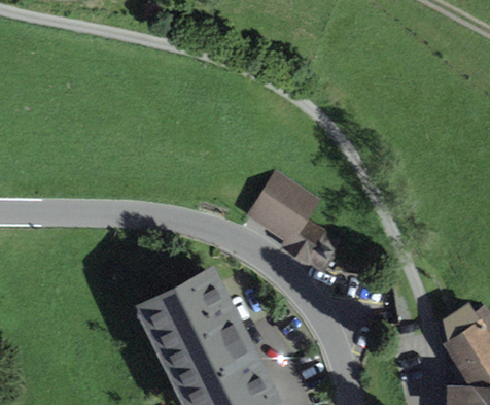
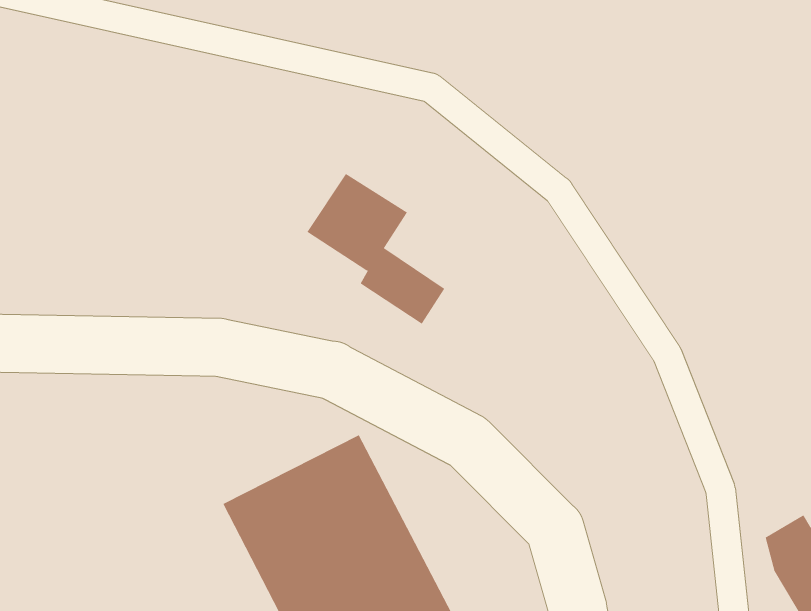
building: [254,181,335,269] -> [306,173,445,324]

